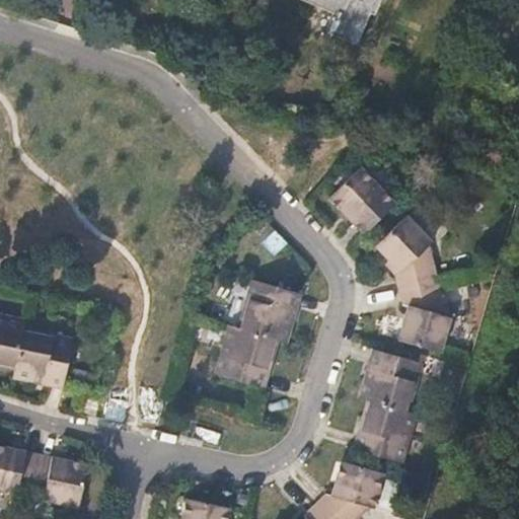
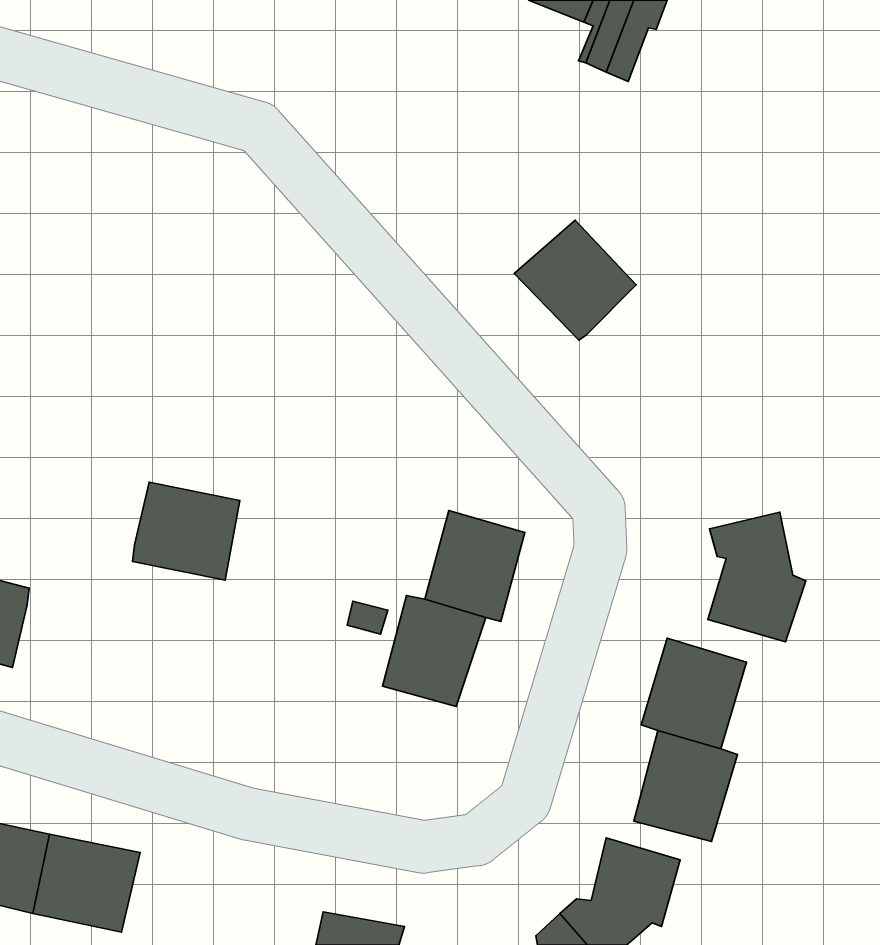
building: [329,167,396,233] -> [514,220,636,340]
building: [374,215,438,290] -> none
building: [16,331,75,385] -> [133,482,240,580]

